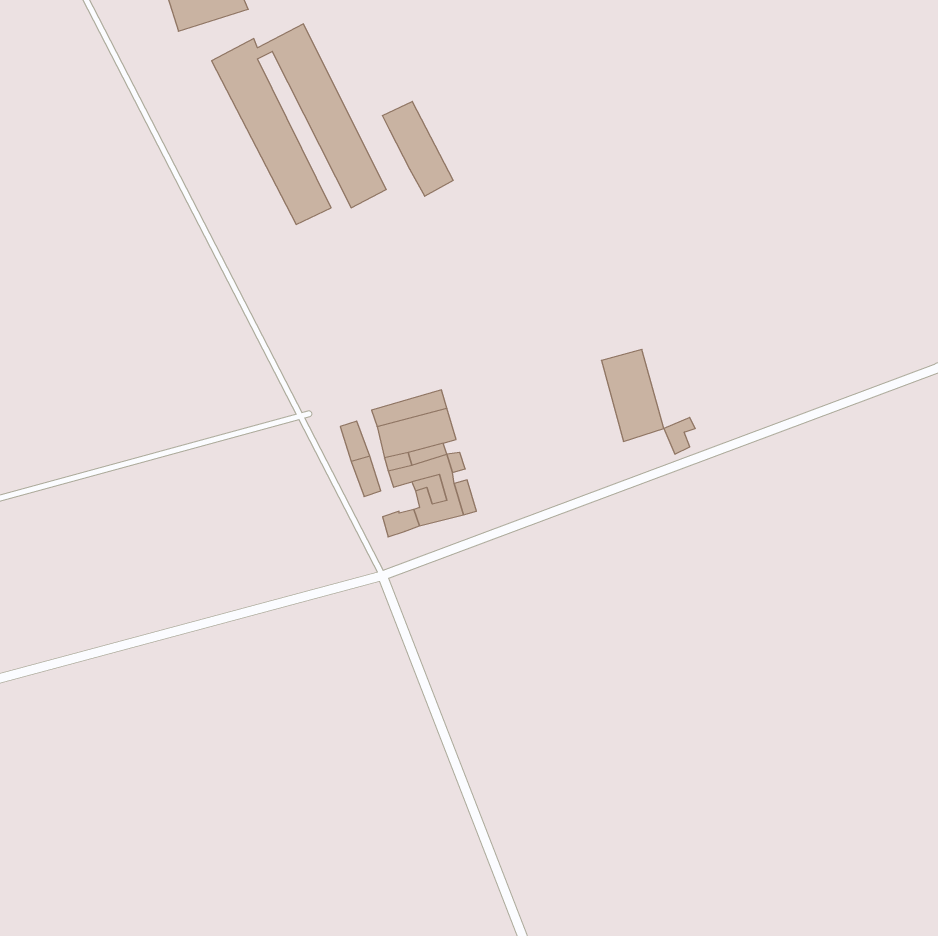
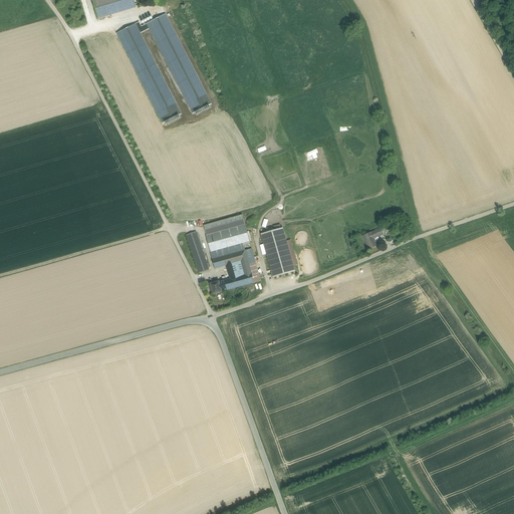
building: [382,101,453,196] -> none
building: [601,349,664,441] -> [260,226,294,276]

